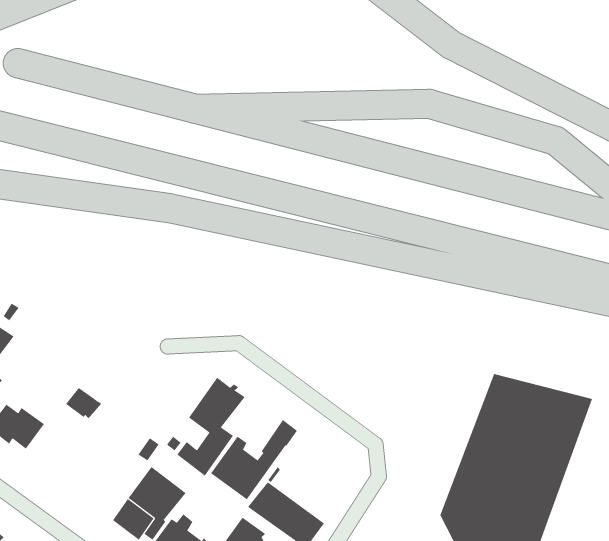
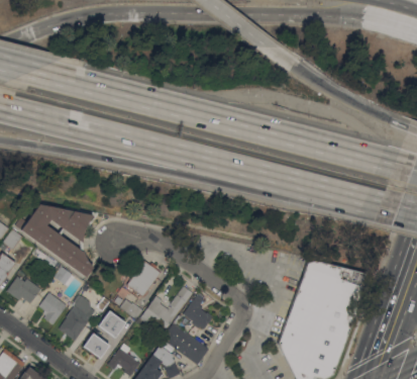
building: none -> [21,204,94,278]
building: none -> [38,292,67,324]
building: none -> [59,295,95,341]
building: none -> [184,295,213,329]

